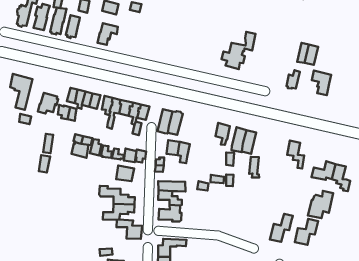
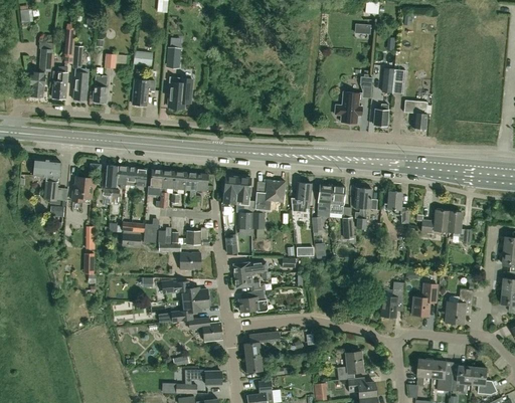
building: none -> [168,78,192,109]
building: [222,32,255,69] -> [334,76,371,124]
building: none -> [254,180,284,210]
building: none -> [353,188,371,229]
building: [308,191,333,218] -> [445,289,472,324]

